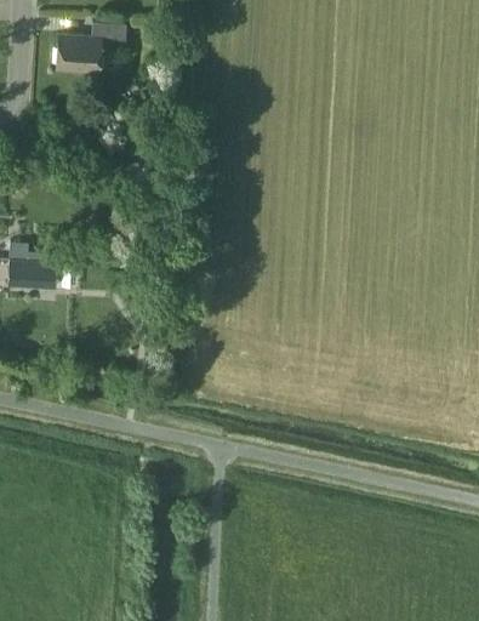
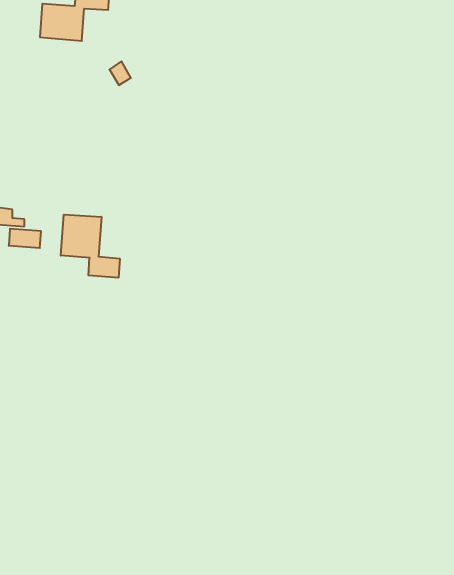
building: none -> [61,215,120,278]

